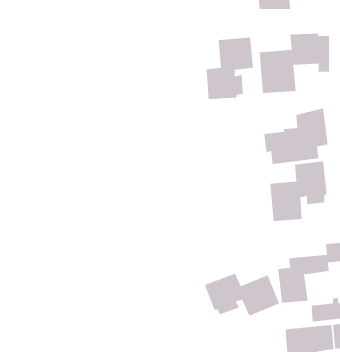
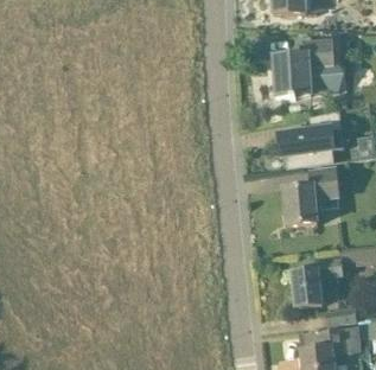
building: [206,37,253,100] -> none
building: [204,273,280,316] -> none

